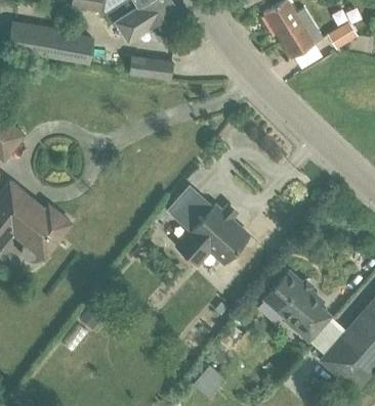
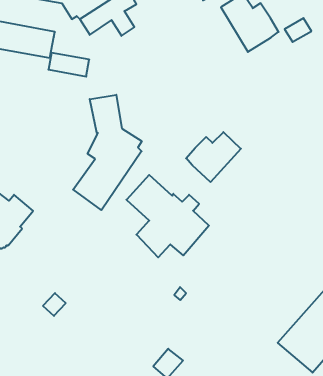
building: [132,56,174,81] -> [48,53,89,77]
building: none -> [73,95,142,210]
building: none -> [186,132,241,182]
building: [263,270,330,342] -> none

